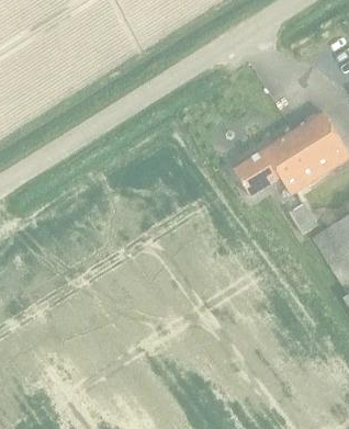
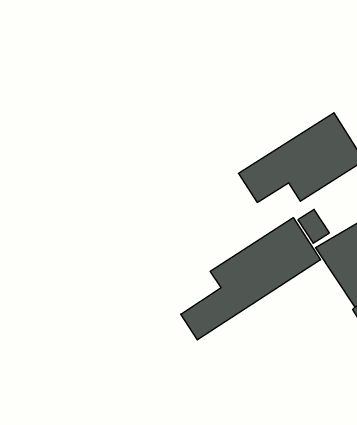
building: none -> [181,218,321,340]

